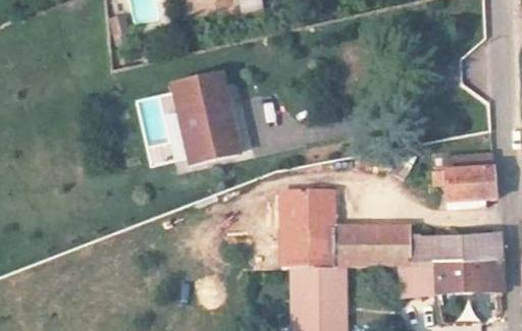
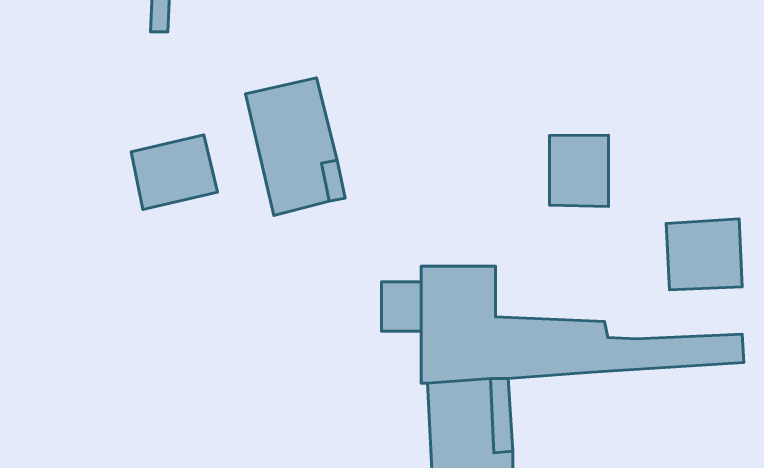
building: none -> [131,135,217,210]
building: none -> [549,135,608,206]
building: [398,256,498,293] -> none

